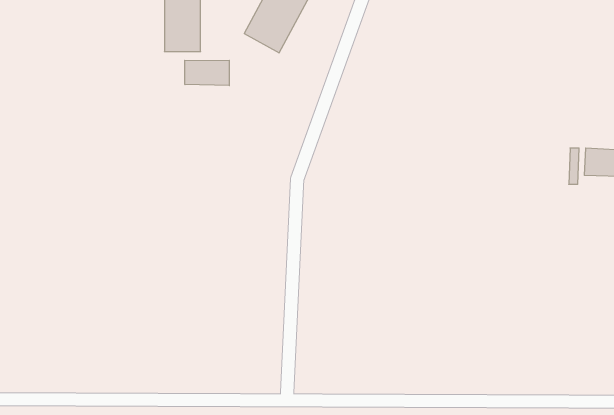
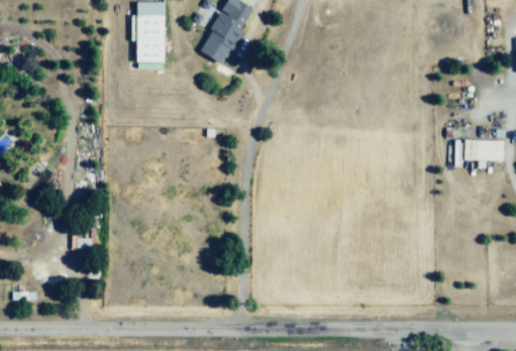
building: [185,60,229,86] -> none

